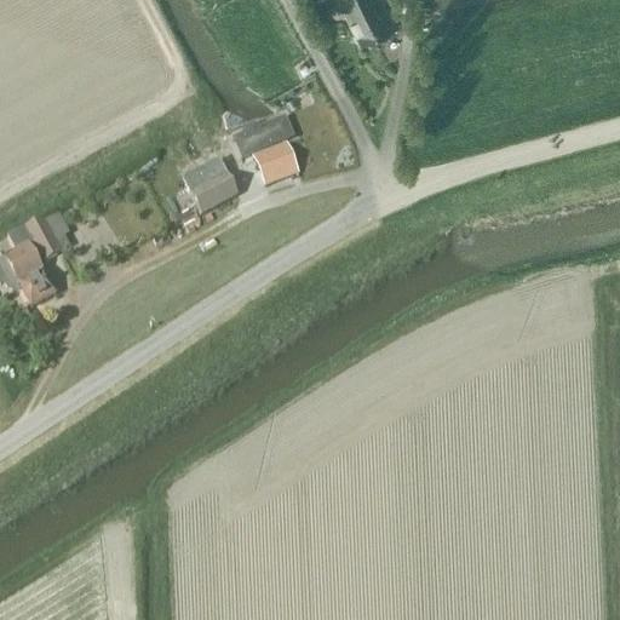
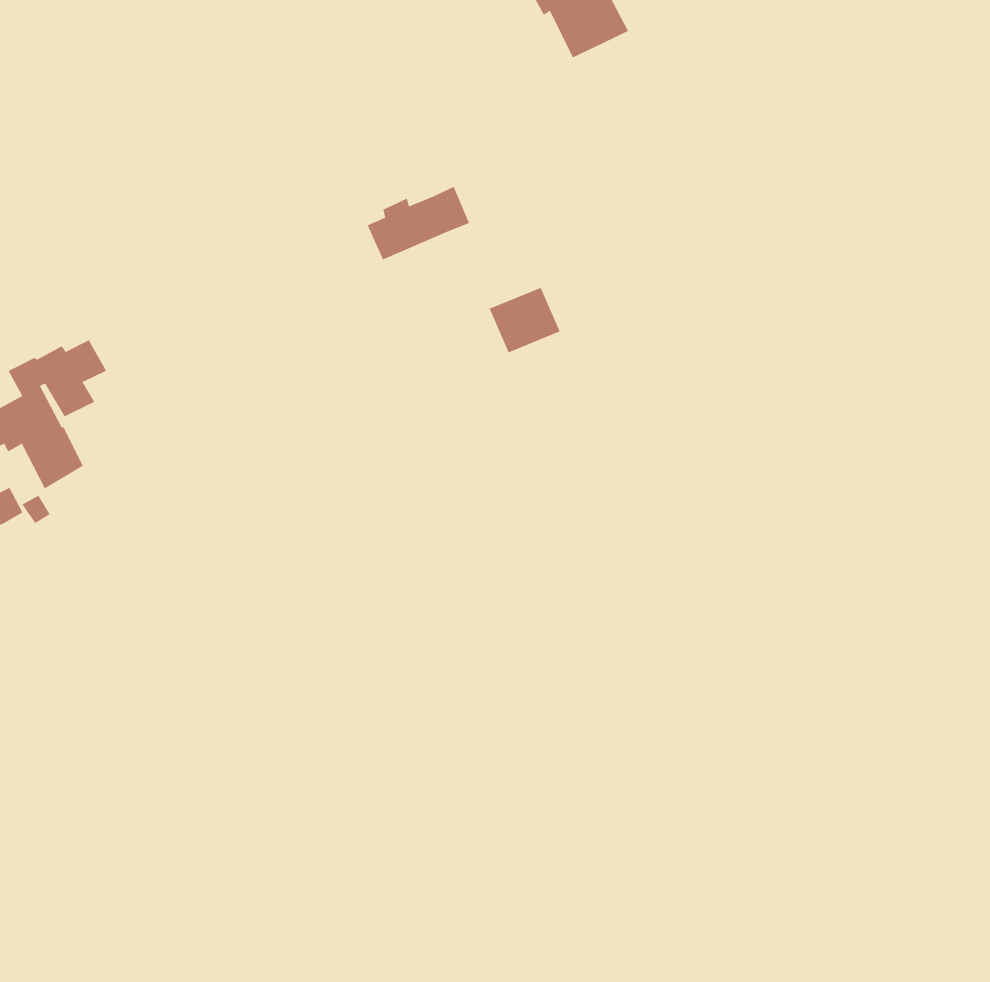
building: [264,144,309,185] -> [489,287,561,353]
building: [174,150,235,212] -> none

